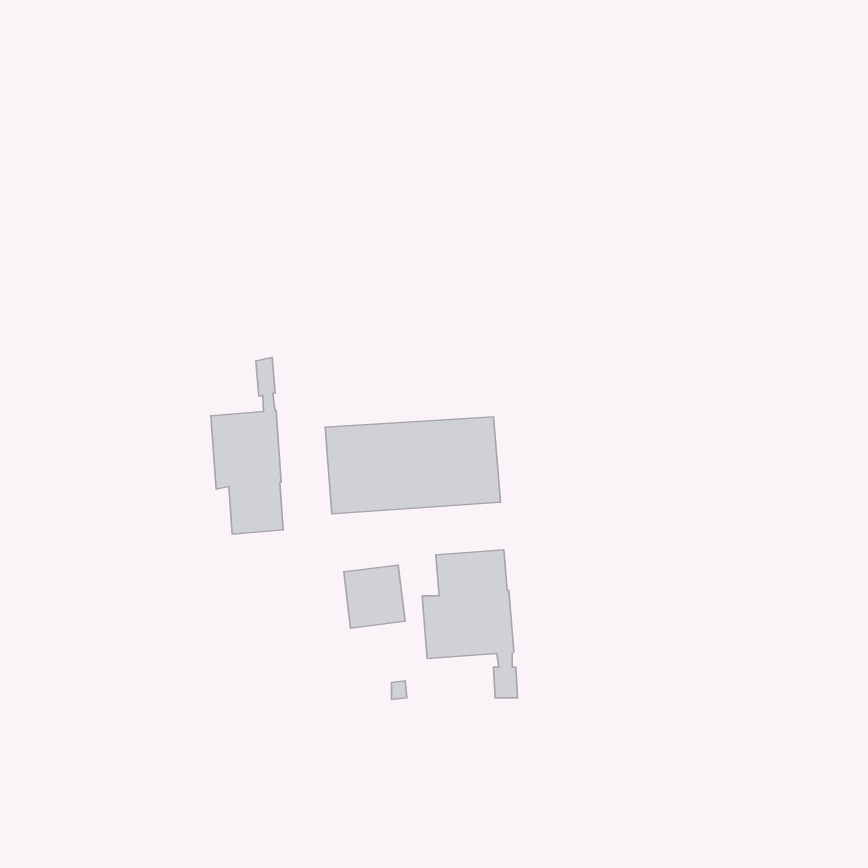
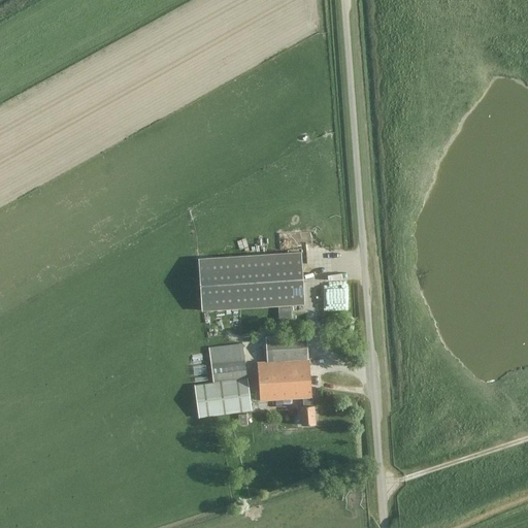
building: [211,358,283,534] -> none
building: none -> [194,378,250,417]

